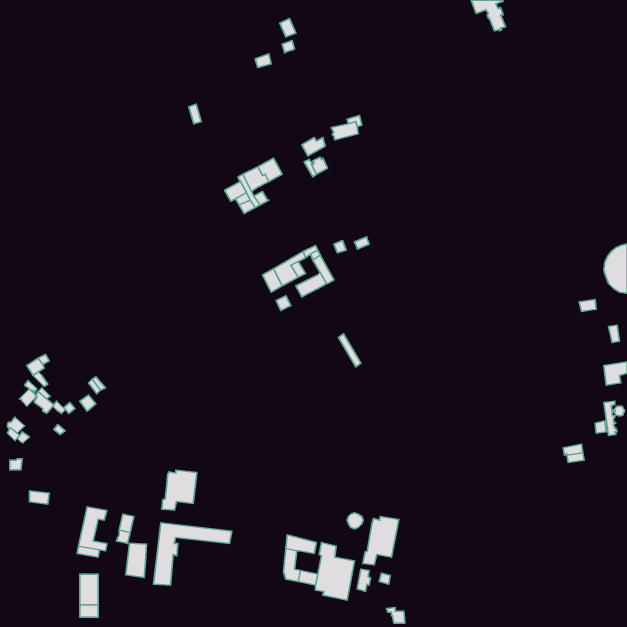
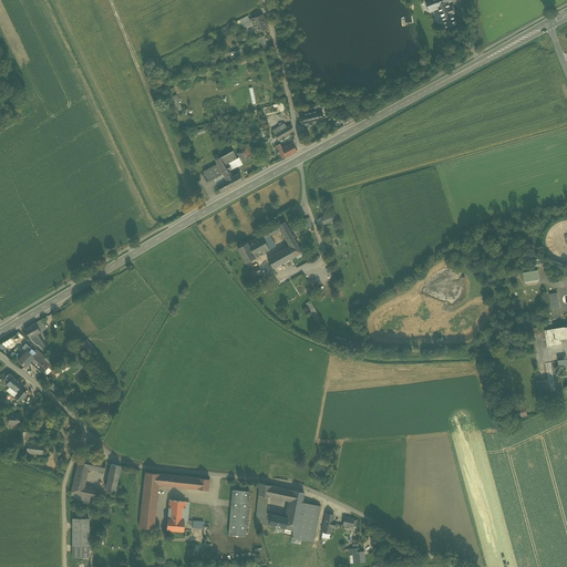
building: [162,470,197,510] -> none
building: [363,516,399,565] -> none
building: none -> [228,489,249,536]
building: [126,543,147,577] -> [166,501,185,532]

